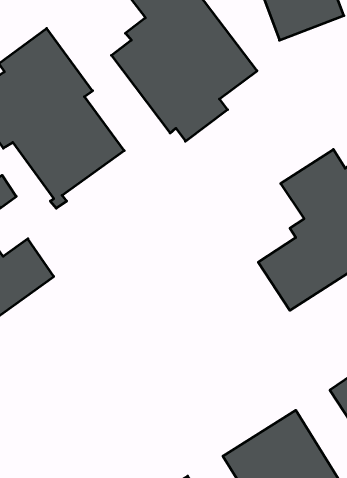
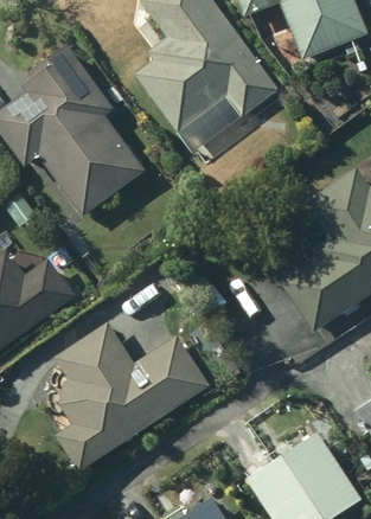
building: none -> [47,323,210,470]

